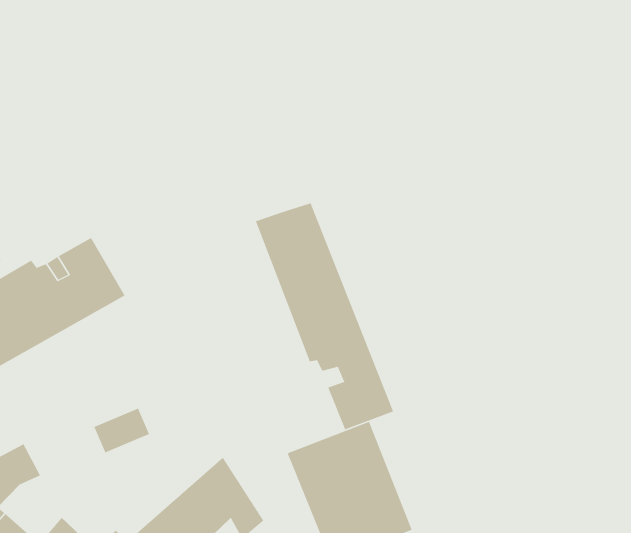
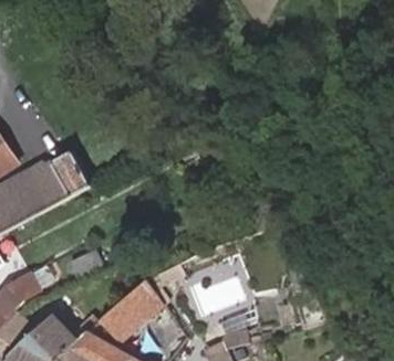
building: [255,203,394,430] -> none

